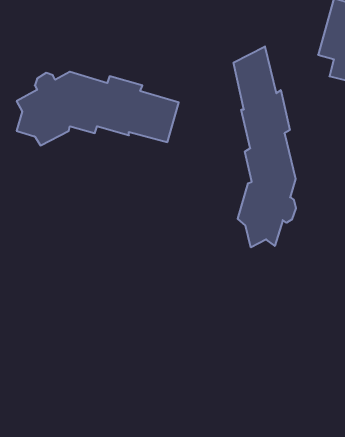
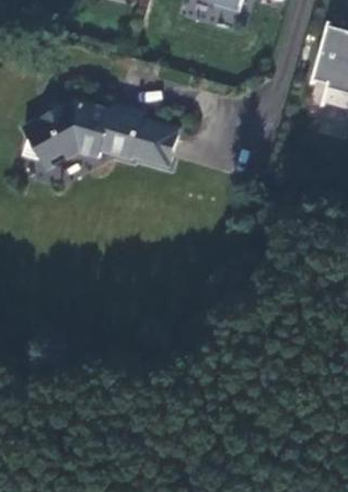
building: [234,46,296,247] -> none

